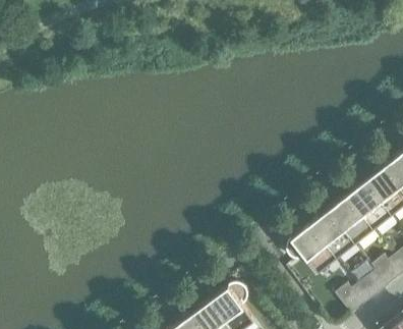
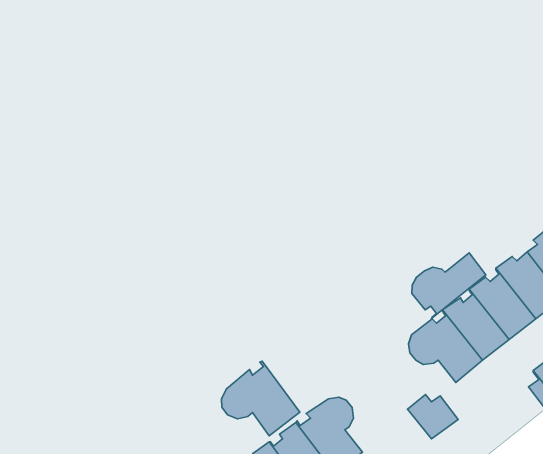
building: none -> [412,253,486,319]
building: none -> [221,361,300,436]
building: [335,283,369,314] -> [408,394,458,439]

